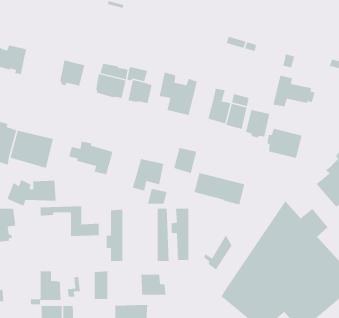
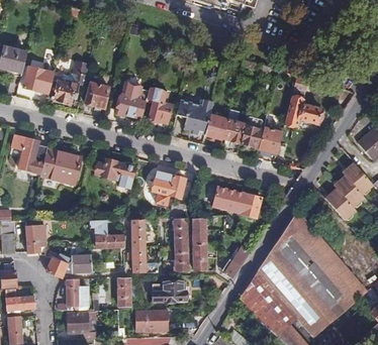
building: none -> [52,60,90,105]
building: [266,128,302,159] -> none
building: [173,147,197,174] -> [206,114,228,139]
building: [7,179,56,207] -> [46,252,93,278]

